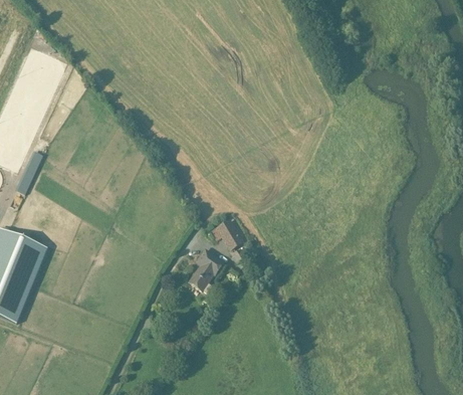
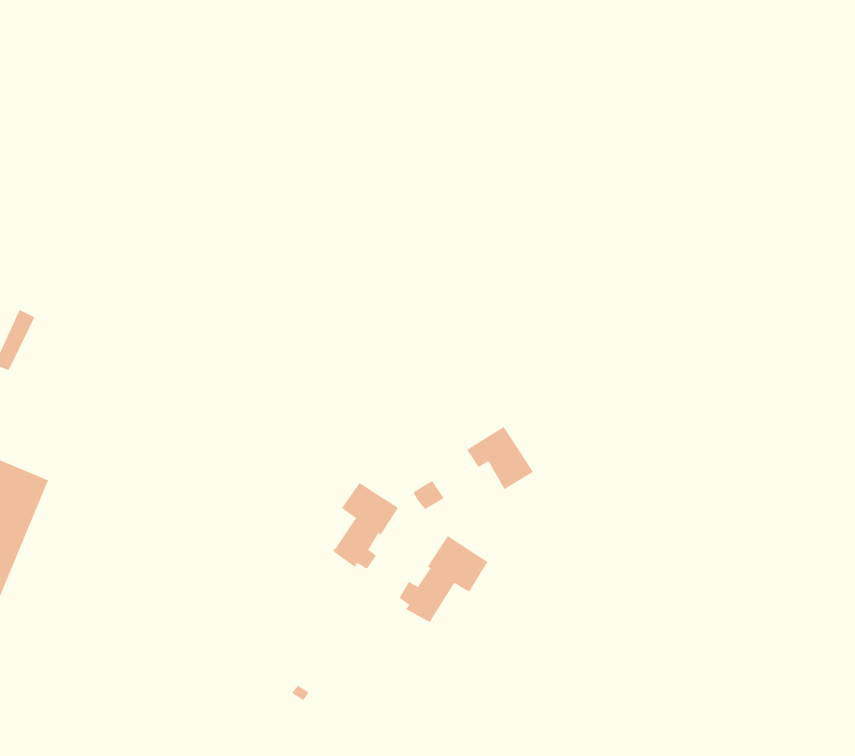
building: [210,217,244,249] -> [466,426,534,490]
building: none -> [399,535,488,622]

